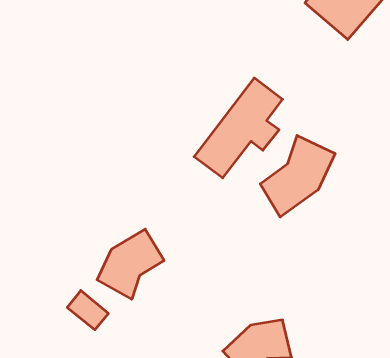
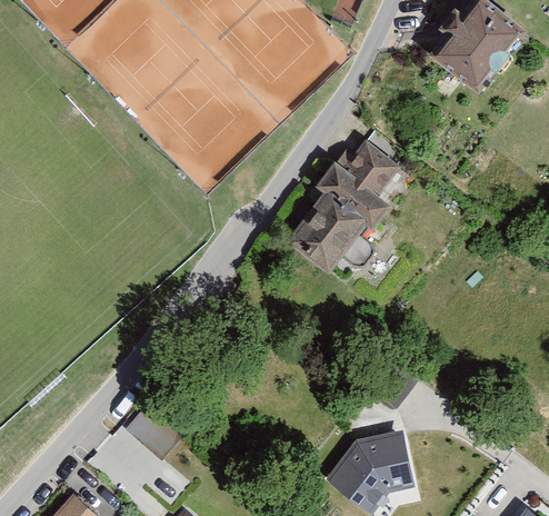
building: [260,135,335,217] -> none
building: [97,229,164,299] -> none

